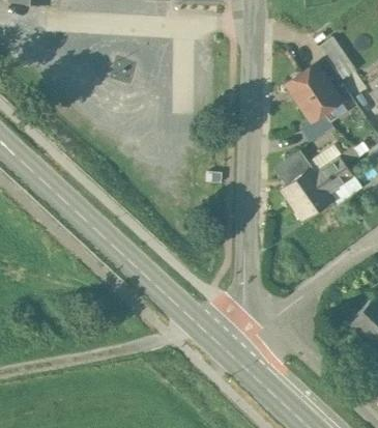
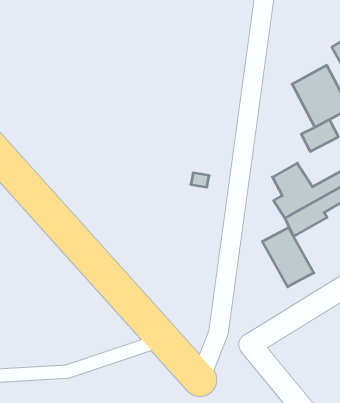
building: none -> [262,228,314,287]

